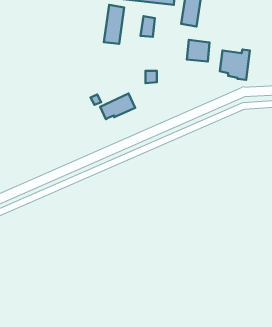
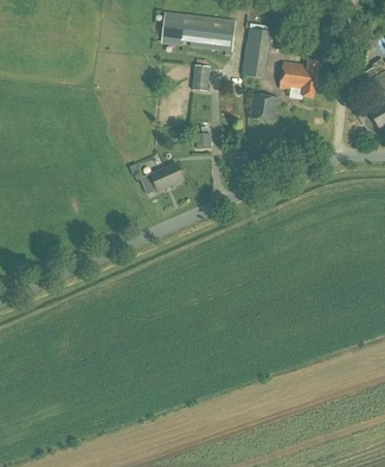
building: [104,5,124,44] -> none
building: [220,49,250,80] -> [280,59,317,97]

